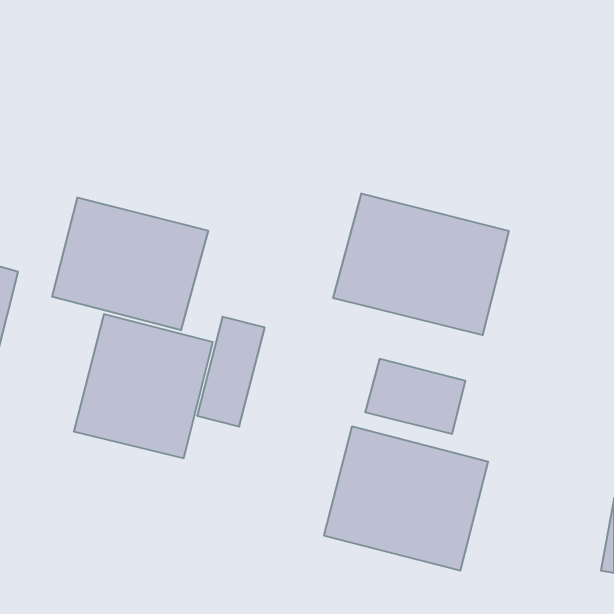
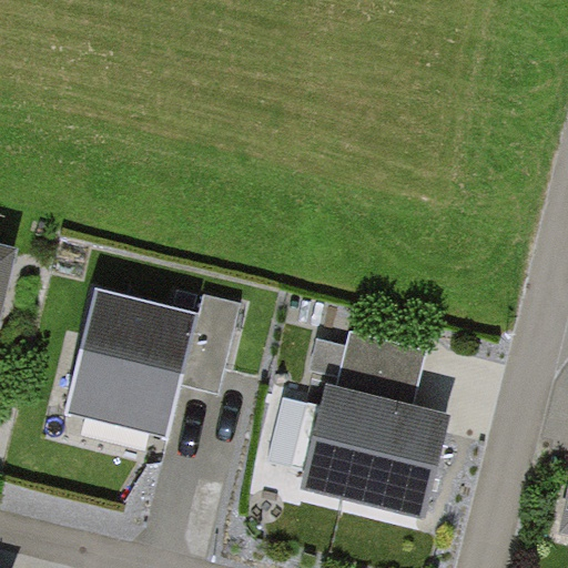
building: [333,193,509,335] -> none
building: [52,197,208,330] -> none

